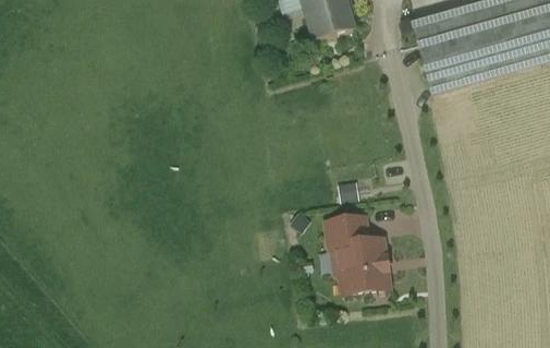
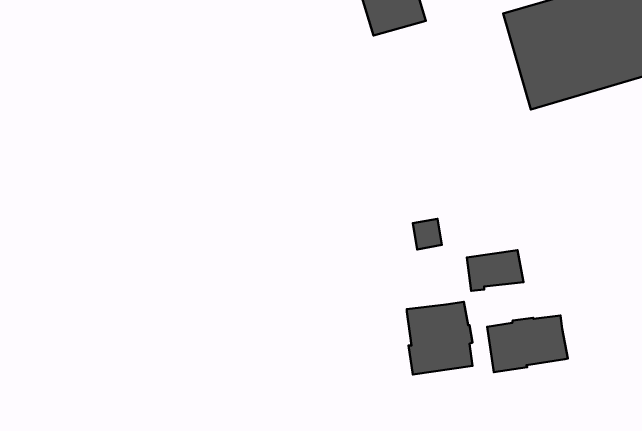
building: [326,216,368,247] -> [467,250,523,291]
building: none -> [487,316,568,372]

